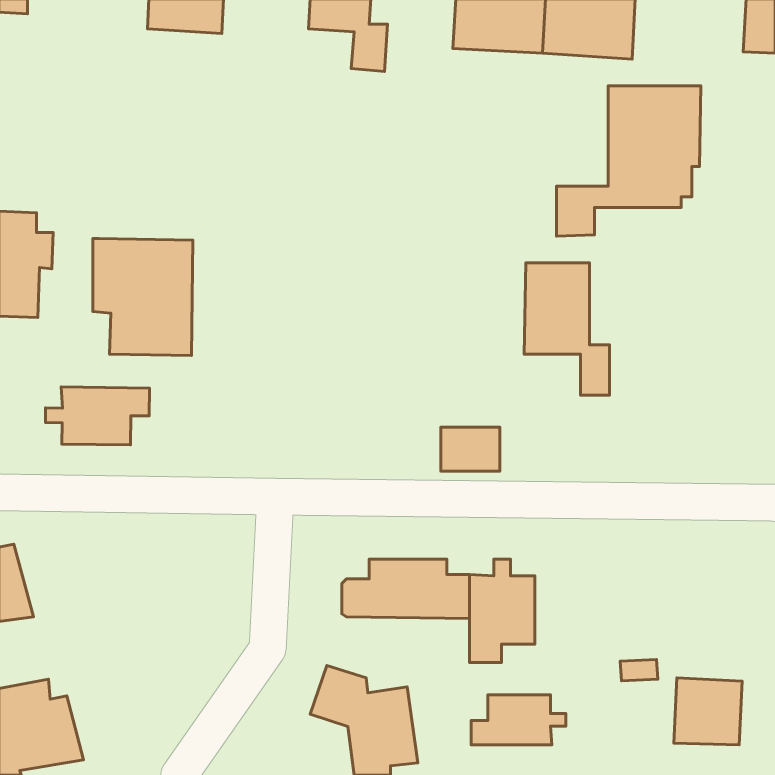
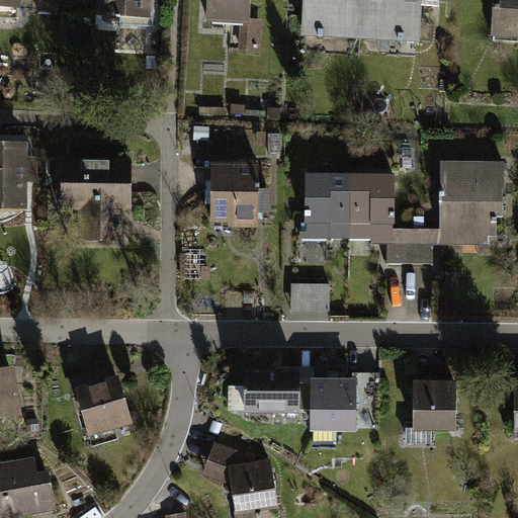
building: [557,86,701,236] -> [406,163,502,263]
building: none -> [205,162,267,224]
building: none -> [307,174,350,236]
building: [45,387,149,445] -> none
building: none -> [68,367,128,444]
building: [674,678,742,745] -> [412,376,457,421]
building: [471,695,566,745] -> none

